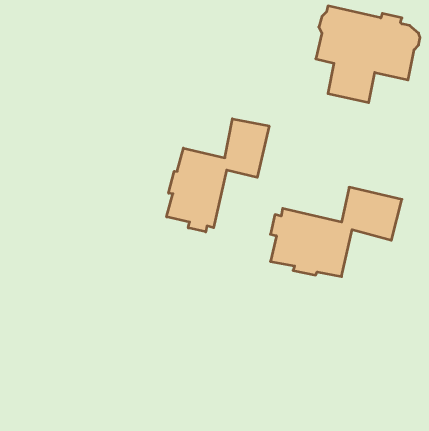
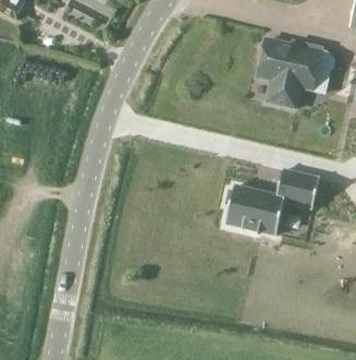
building: [167,119,269,232] -> none

